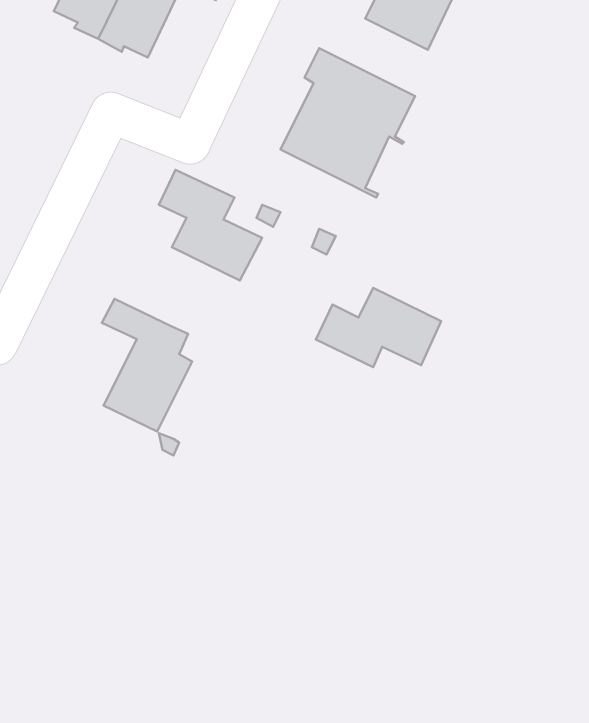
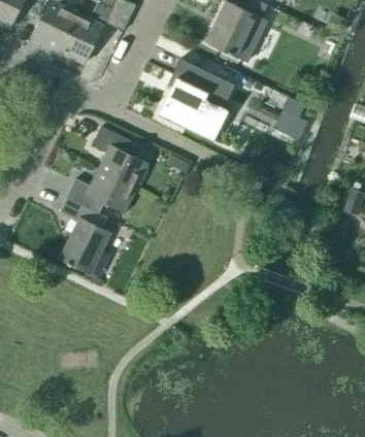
building: none -> [273,97,307,138]
building: [316,288,441,367] -> [66,169,136,213]

